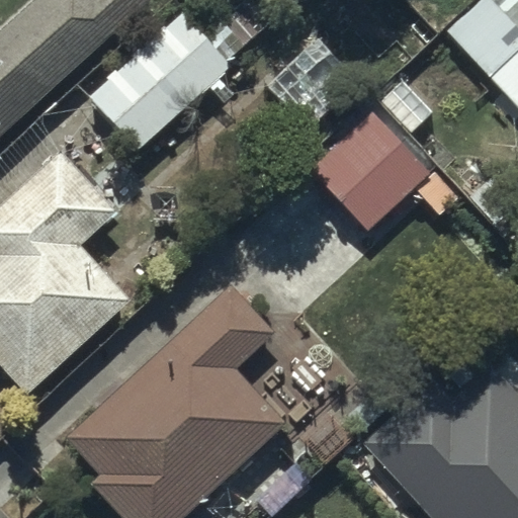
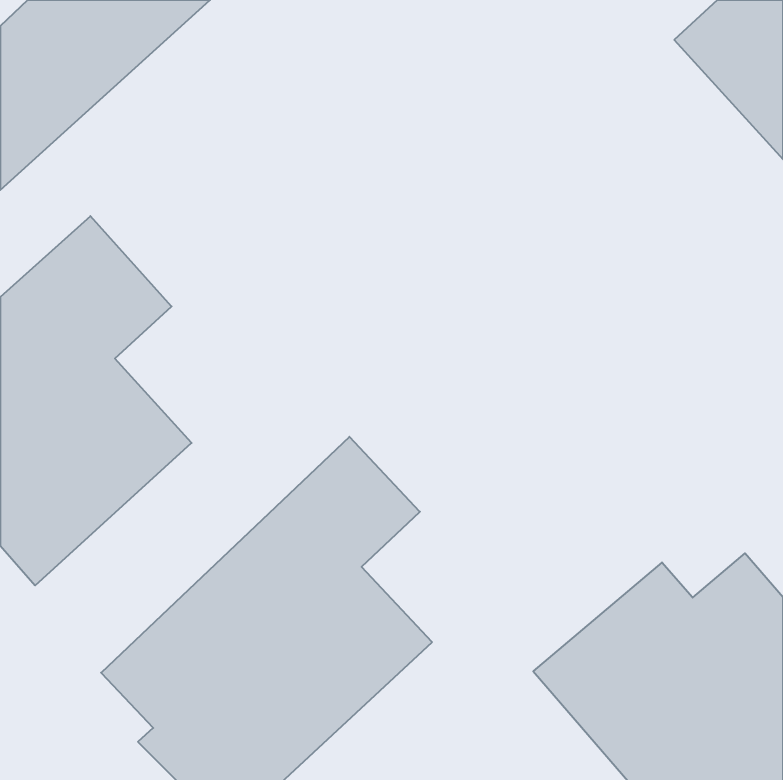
building: [88,8,246,146] -> none
building: [315,114,433,235] -> none

